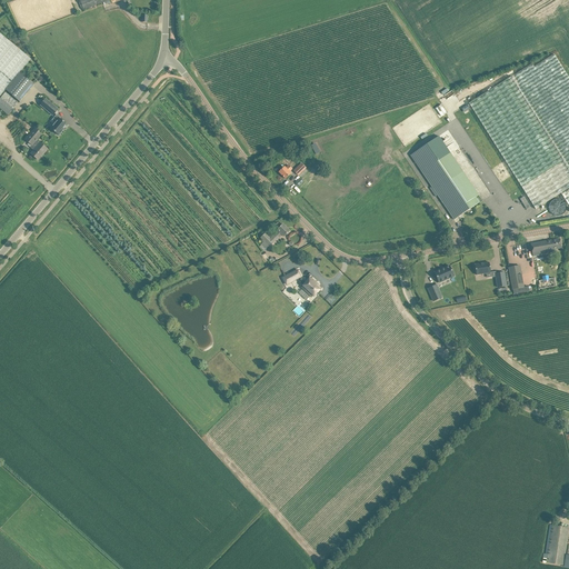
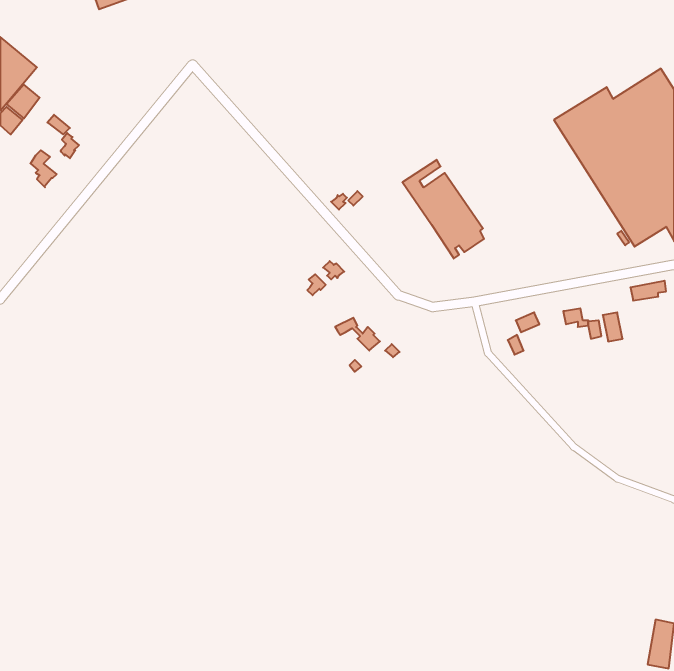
building: [410,134,479,218] -> [402,160,484,259]

